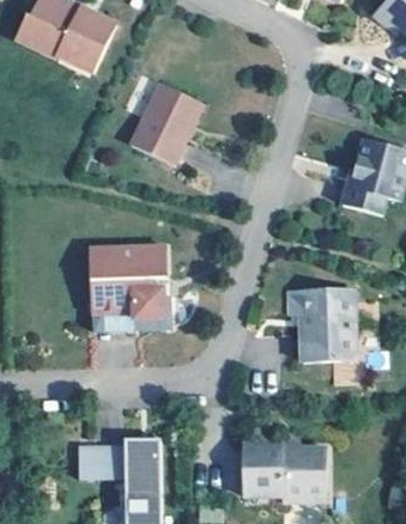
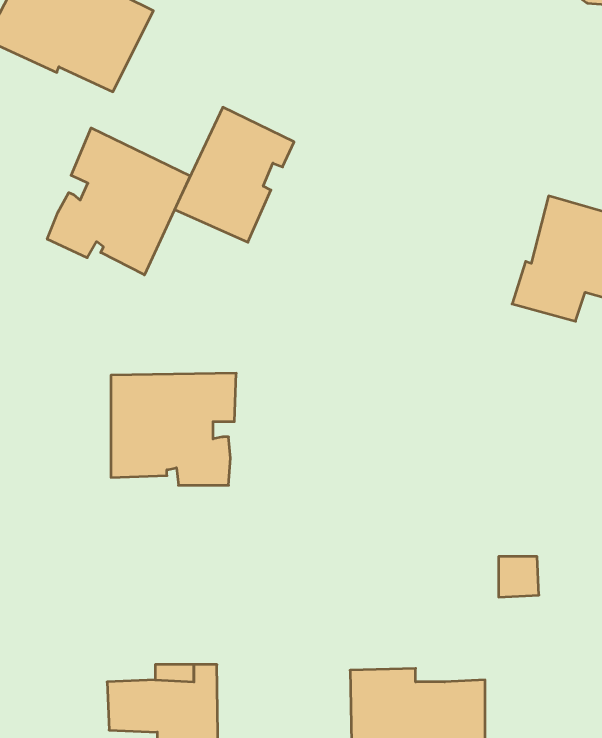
building: none -> [47,128,190,275]
building: [290,278,356,351] -> none
building: [91,301,171,333] -> none

